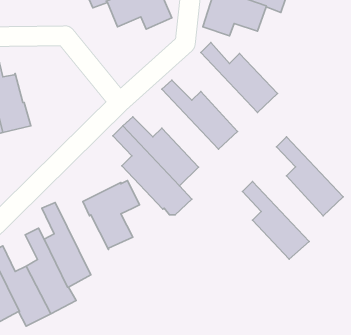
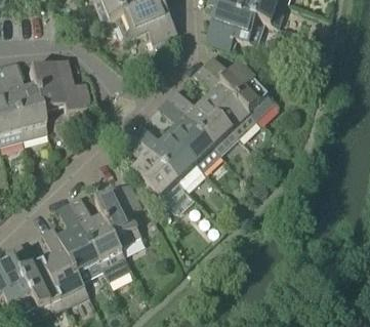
building: none -> [29,59,91,111]
building: [276,137,343,216] -> [195,64,256,136]
building: [242,181,309,259] -> [159,97,220,169]
building: none -> [70,196,131,280]

